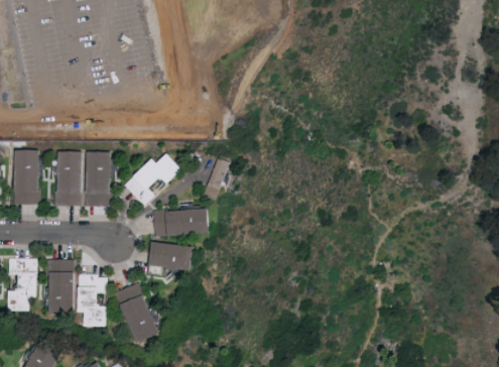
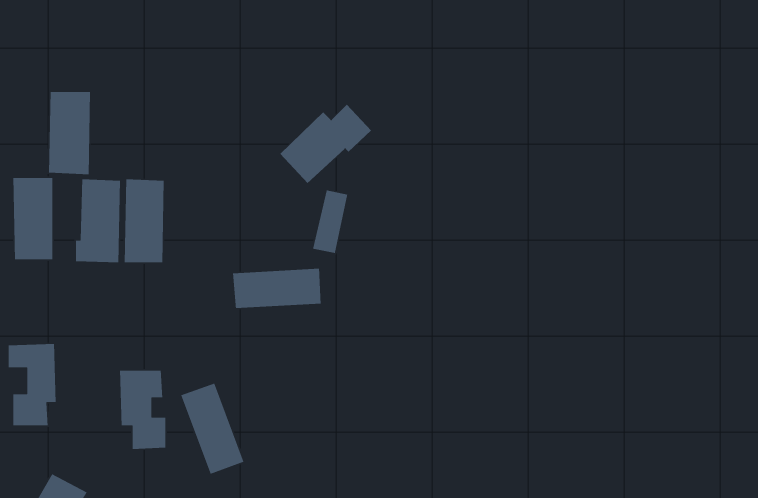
building: none -> [48,91,91,175]
building: [121,153,180,205] -> [279,104,372,184]
building: [148,241,194,270] -> none
building: [49,258,76,313] -> none

